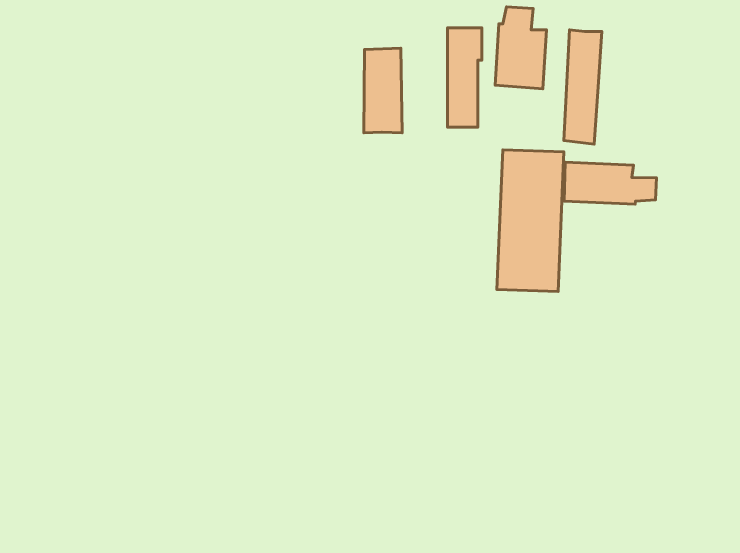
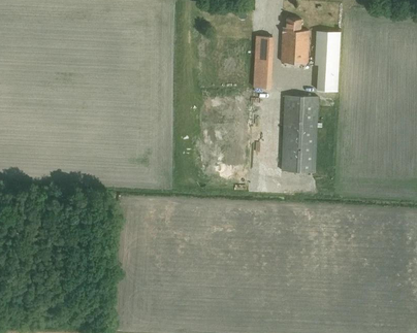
building: [364,48,402,133] -> none
building: [564,162,656,204] -> none

